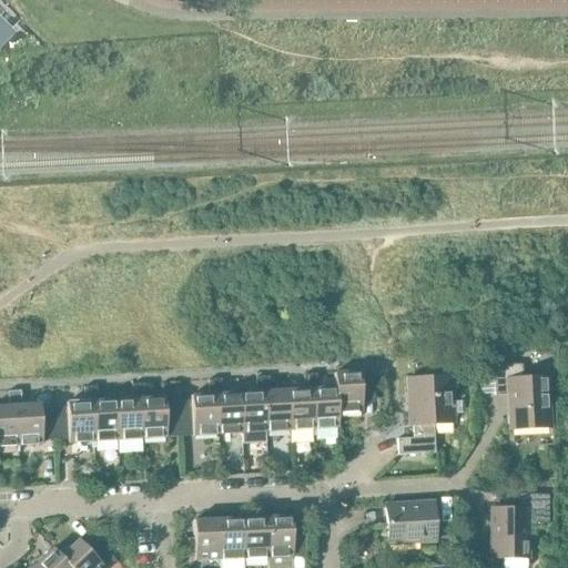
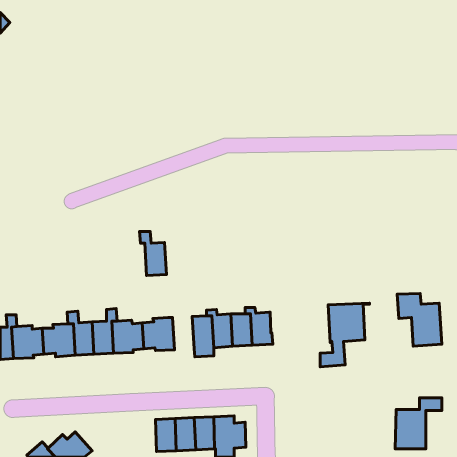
building: [334,371,374,413] -> none
building: [207,379,241,434] -> [140,232,166,275]
building: [385,501,435,544] -> none

